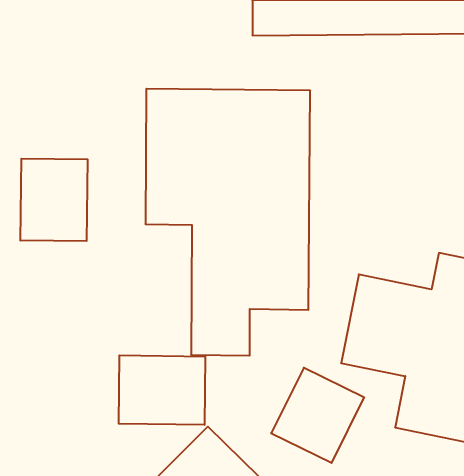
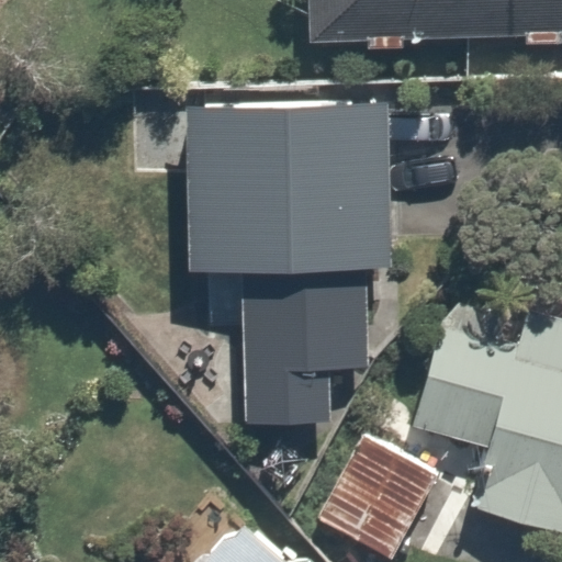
building: [20,159,88,241] -> none
building: [119,355,205,425] -> none

